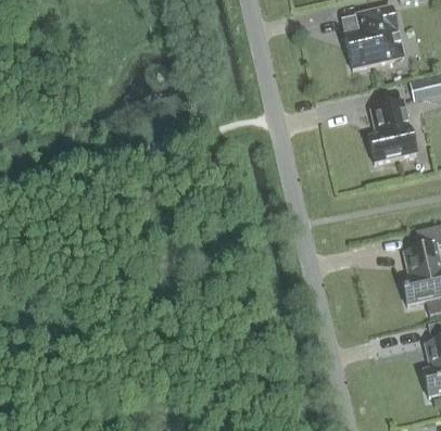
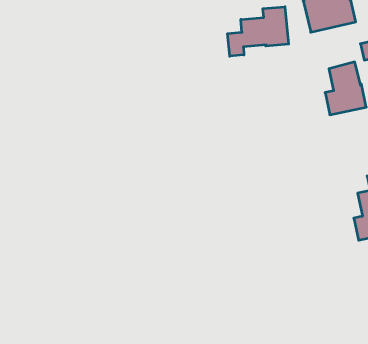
building: none -> [228,7,289,56]

